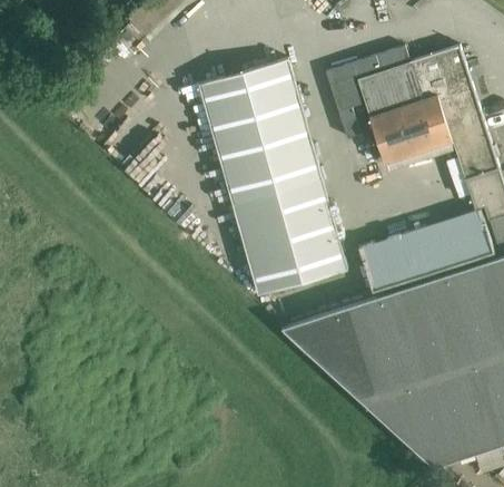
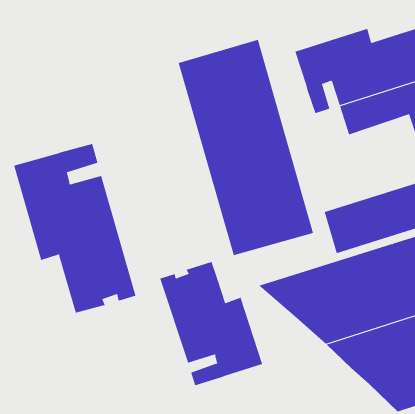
building: none -> [13,143,136,314]
building: none -> [160,261,263,386]

